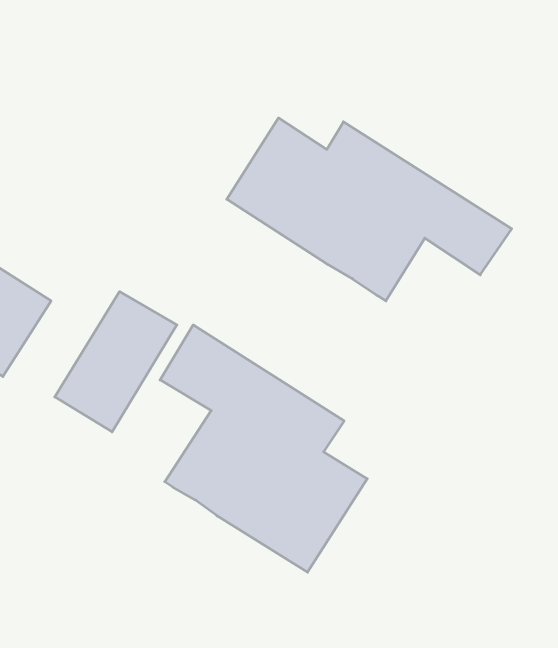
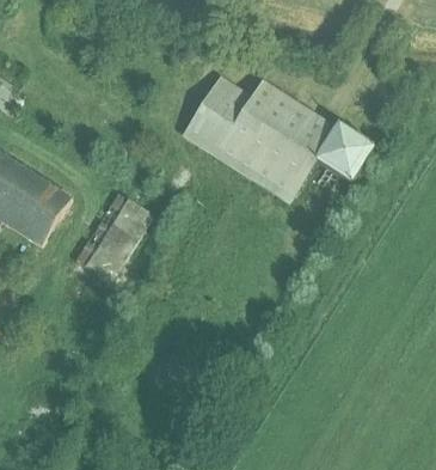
building: [160,325,367,572] -> none

